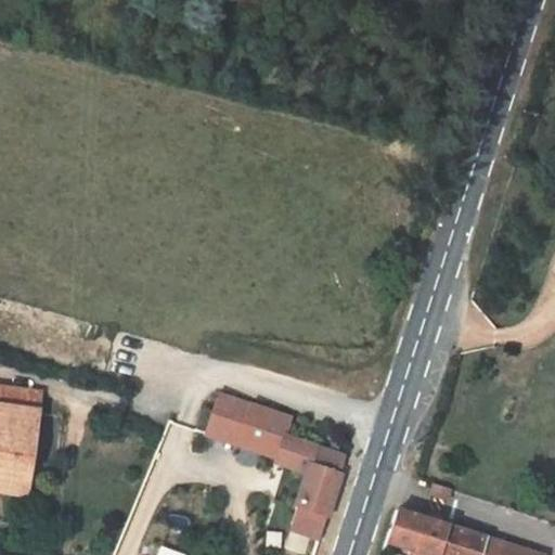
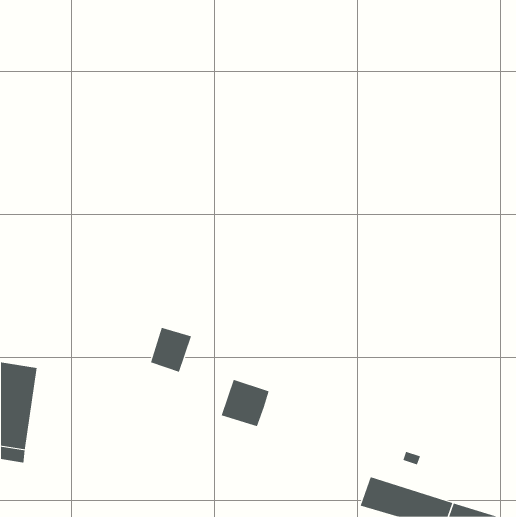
building: [207,396,251,444] -> [150,327,192,373]
building: [276,436,347,538] -> none

